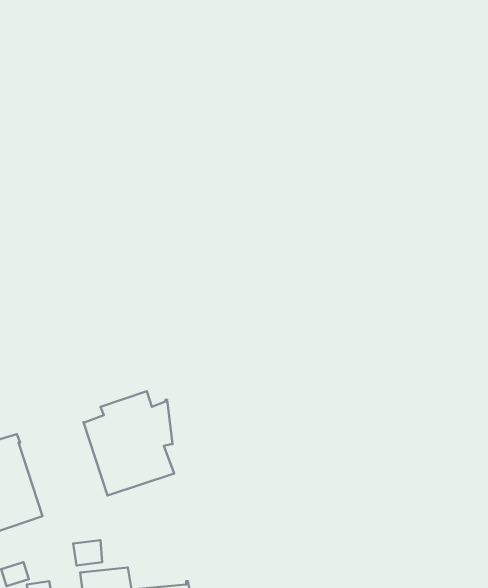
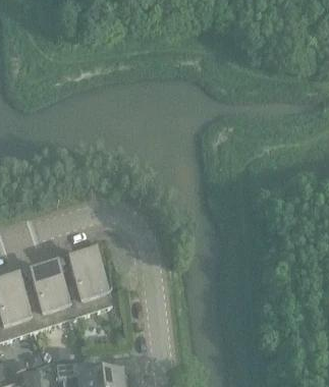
building: none -> [18,264,71,326]

